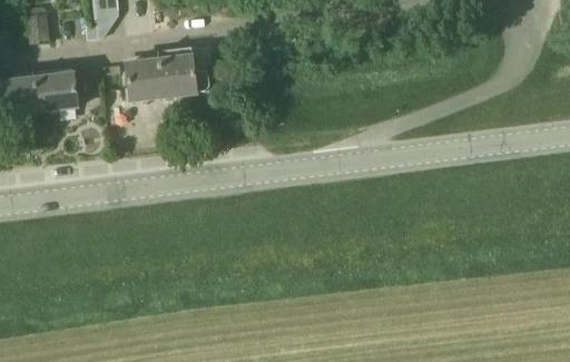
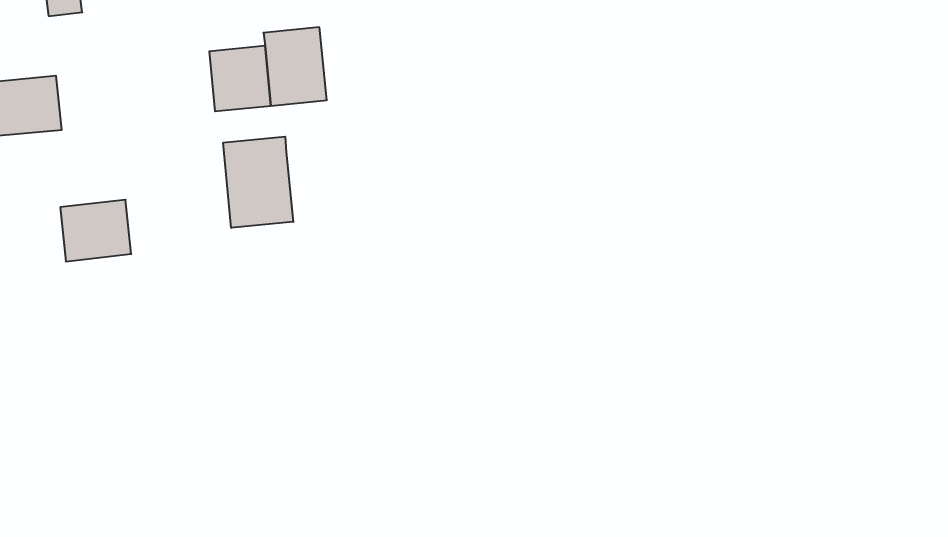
building: [37,72,79,109] -> [60,200,131,261]
building: none -> [223,137,293,228]

